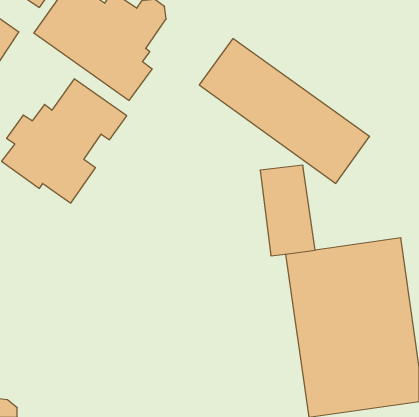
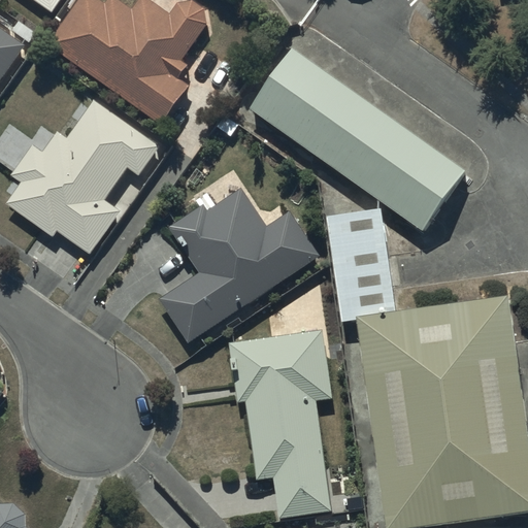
building: none -> [161,190,320,341]
building: none -> [232,330,333,516]

